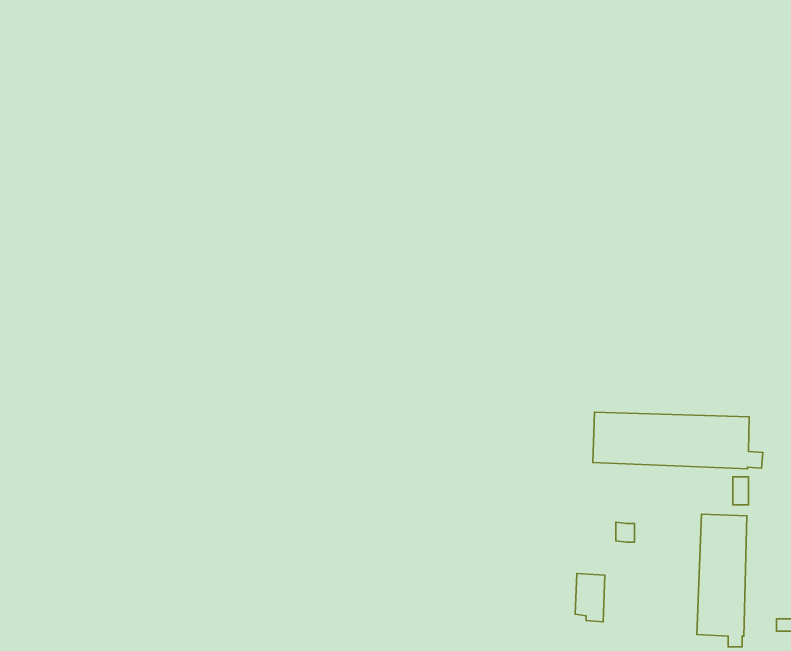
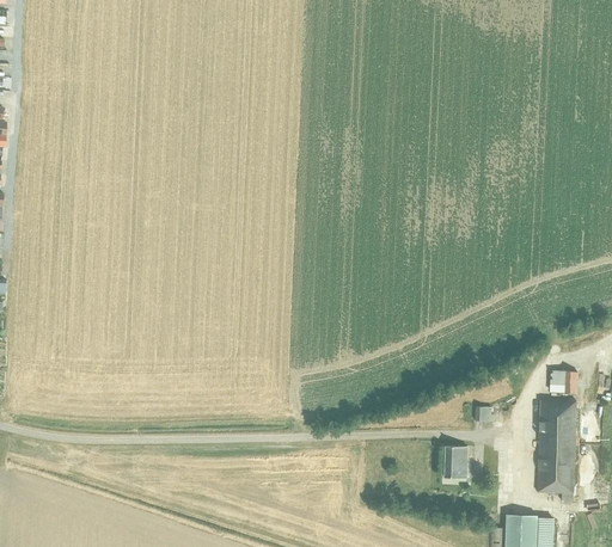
building: [593,412,763,469] -> none

